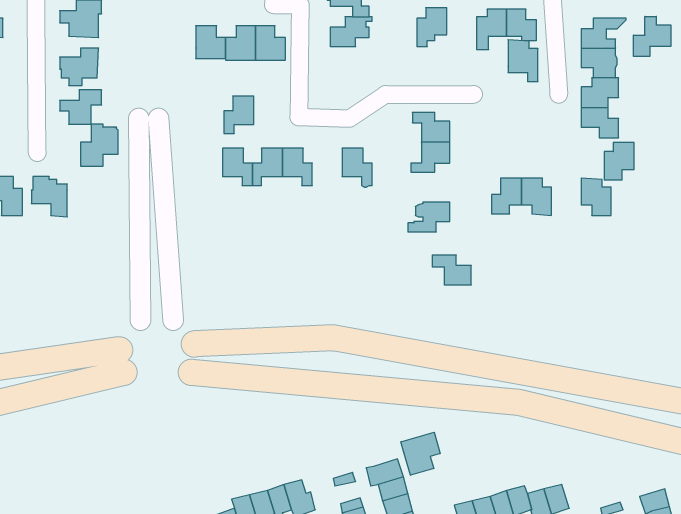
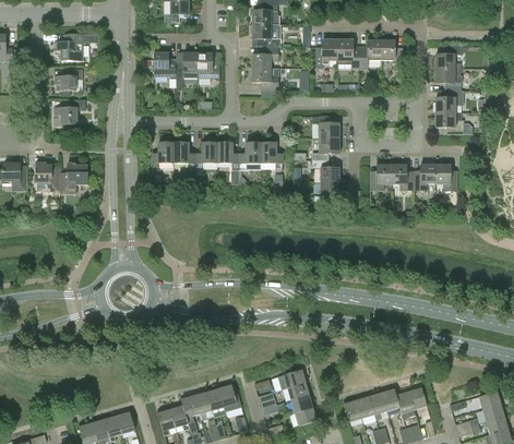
building: [634,16,671,56] -> none
building: [508,40,538,82] -> [337,39,359,70]
building: none -> [252,68,278,89]
building: [224,96,254,133] -> [152,142,174,169]
building: [81,124,118,166] -> [60,163,87,193]
building: [604,143,634,180] -> [414,164,435,191]
building: none -> [239,139,261,169]
building: [432,255,471,285] -> [311,159,339,181]
building: [401,432,440,475] -> none

